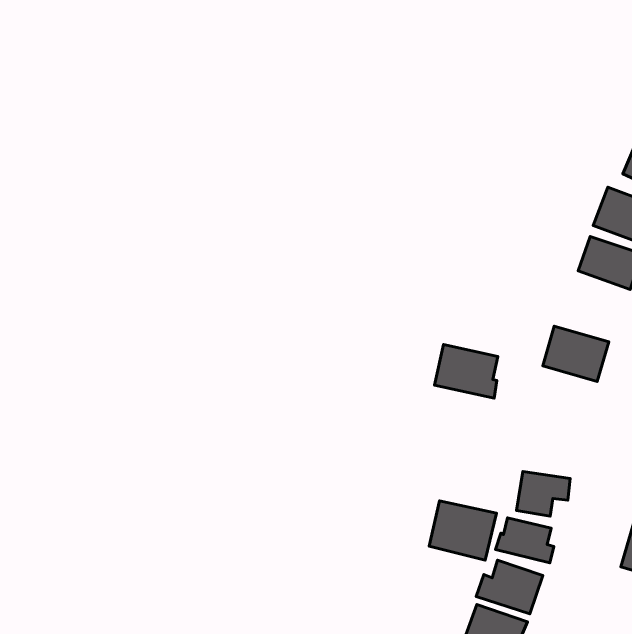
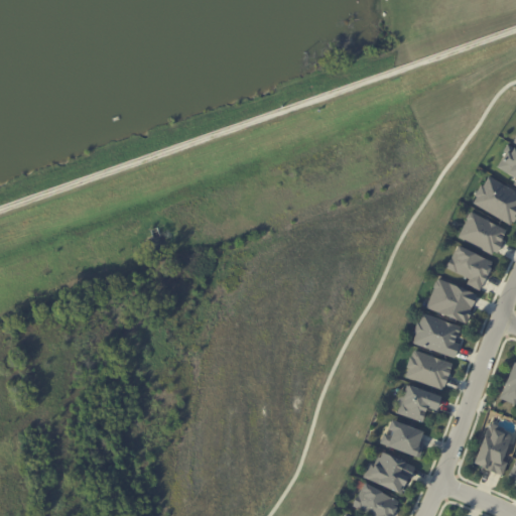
building: none -> [446,246,493,290]
building: [435,345,498,398] -> [411,313,461,357]
building: none -> [404,350,453,390]
building: [429,501,497,560] -> none

